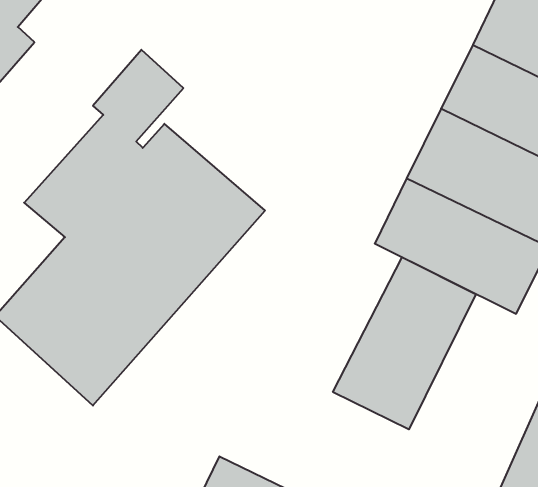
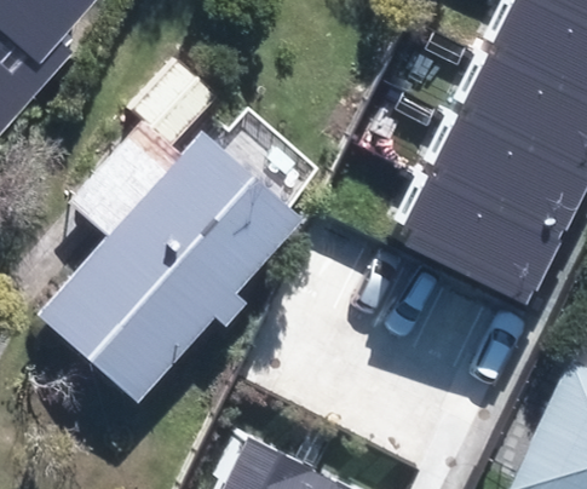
building: [333,257,476,429] -> none

